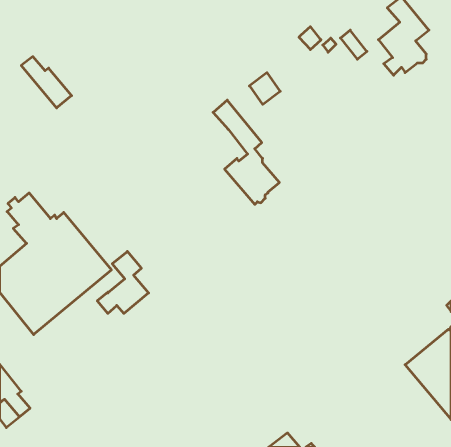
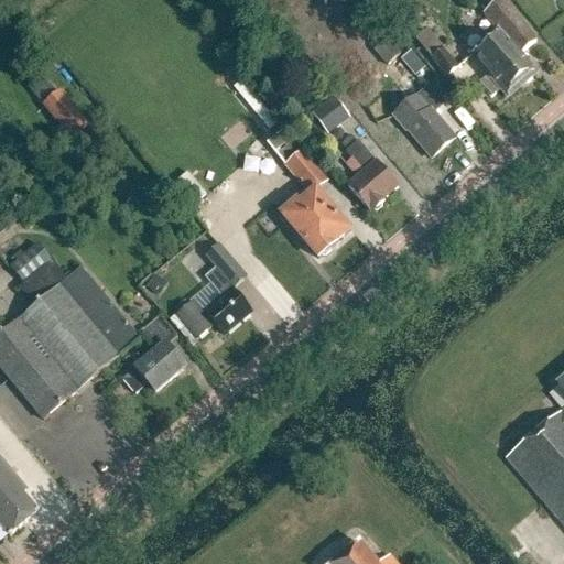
building: none -> [392,83,454,154]
building: none -> [338,131,397,208]
building: none -> [177,245,250,335]

